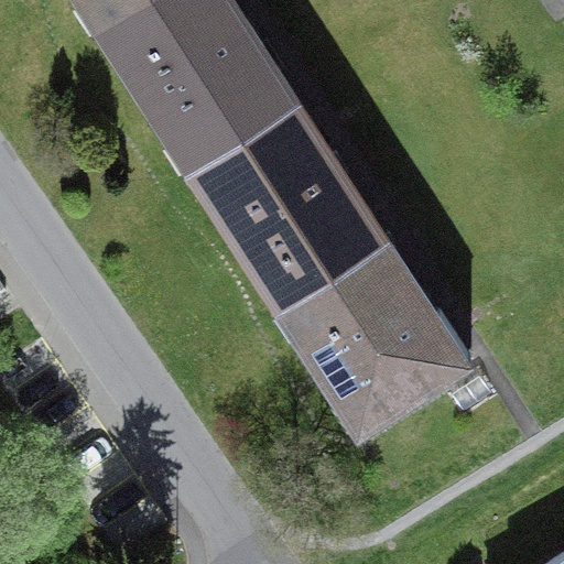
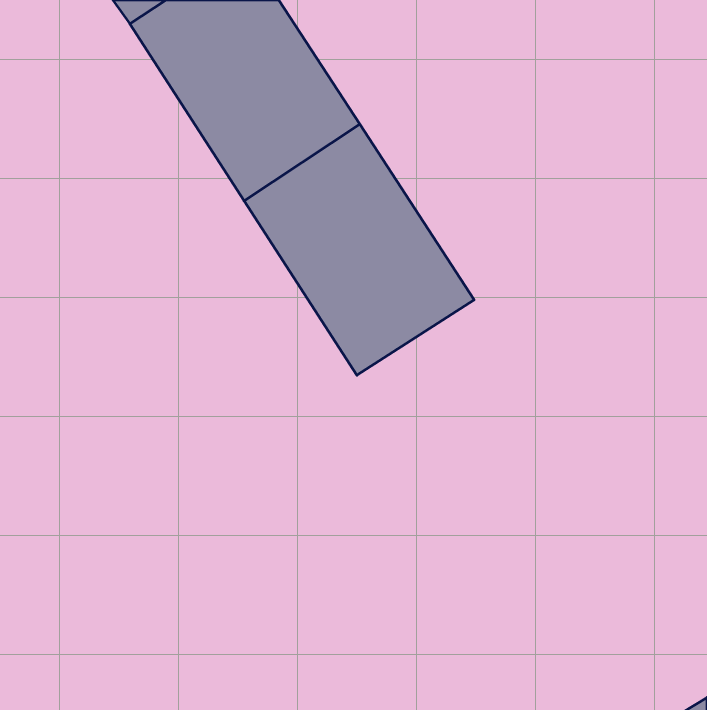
building: [282,239,465,424] -> none

